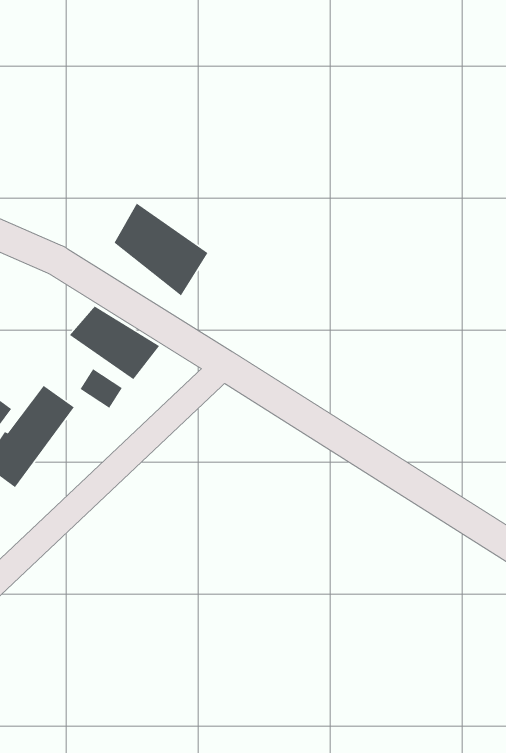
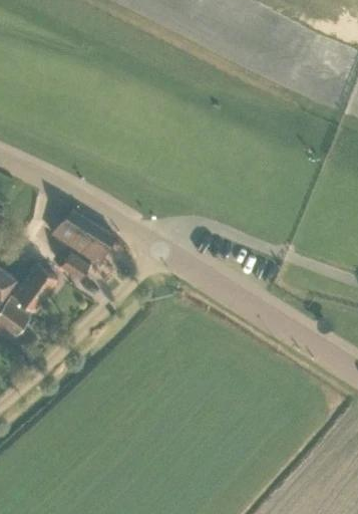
building: [113,203,208,297] -> none

